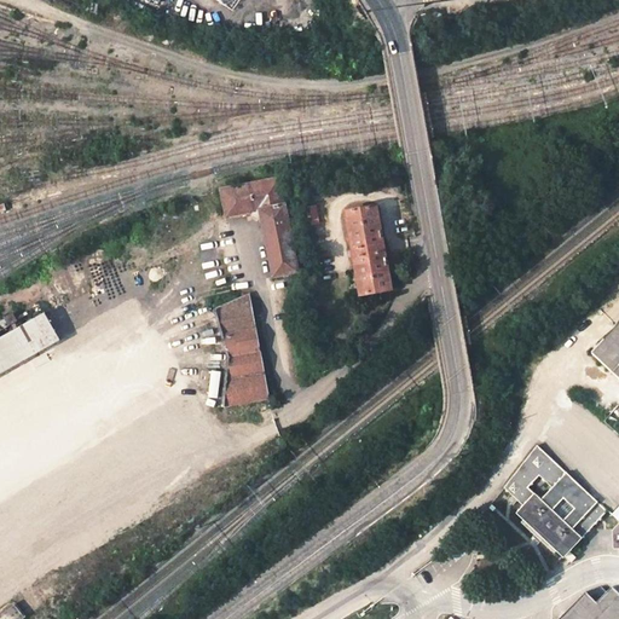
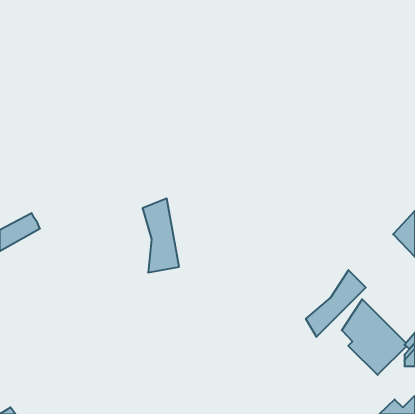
building: [220,178,297,277] -> none
building: [348,206,391,290] -> none
building: none -> [306,270,366,337]

